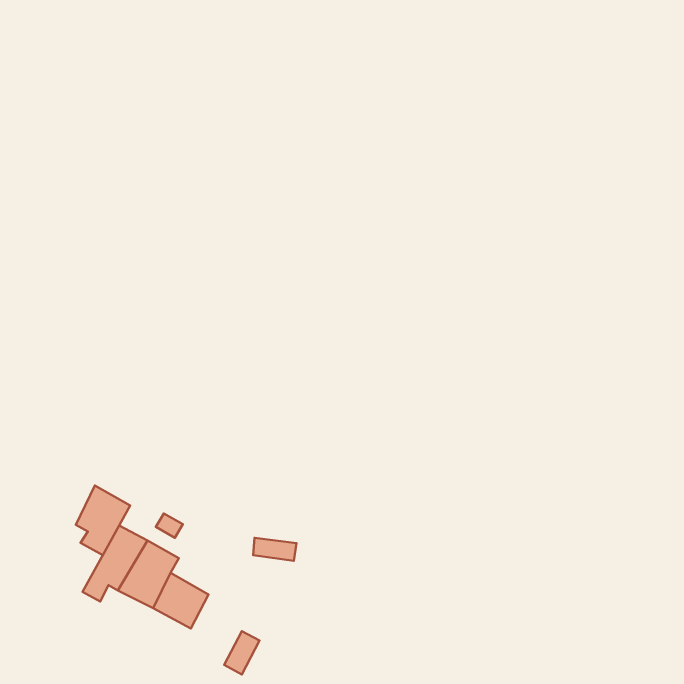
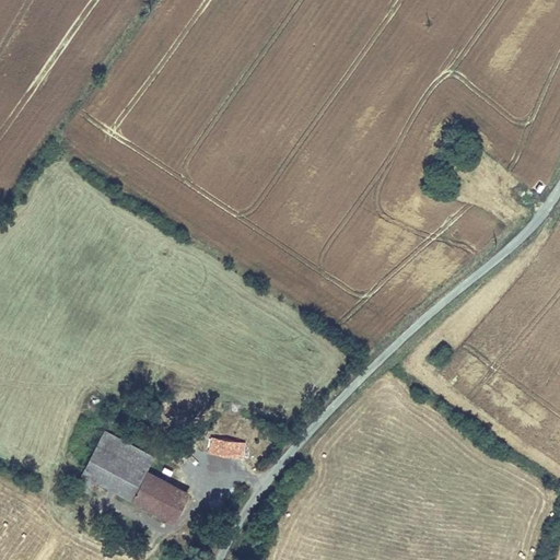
building: [76,485,130,555] -> none
building: [224,631,259,674] -> [161,487,189,522]

